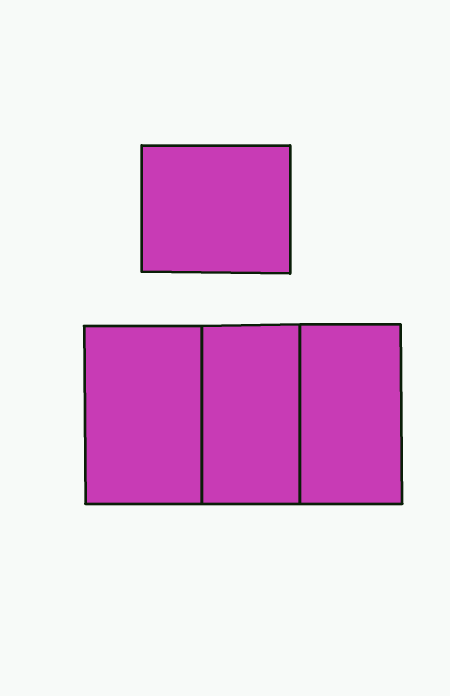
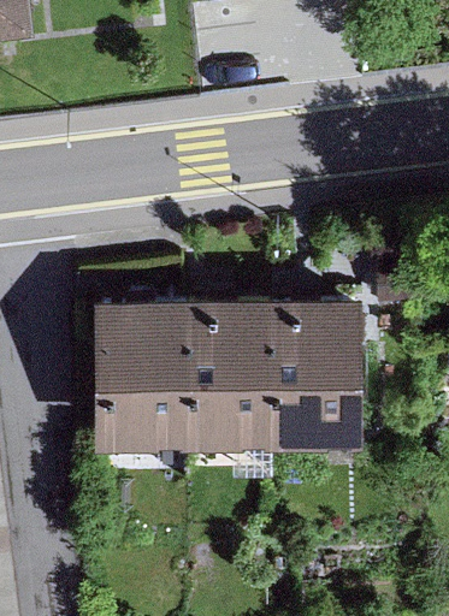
building: [142,145,290,274] -> none

